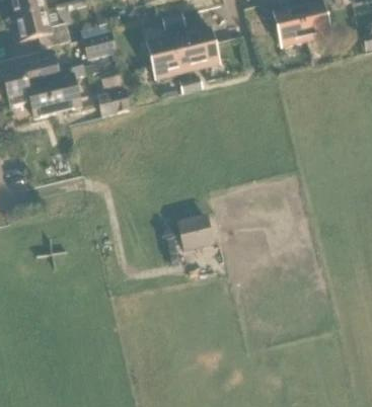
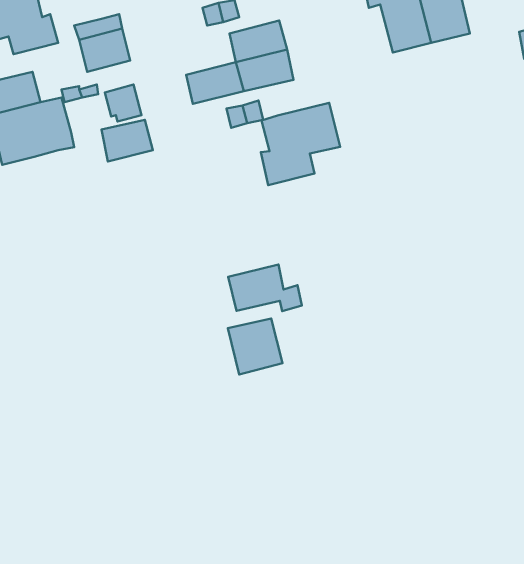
building: [146,35,182,62] -> none
building: none -> [261,103,340,185]
building: none -> [228,265,302,311]

